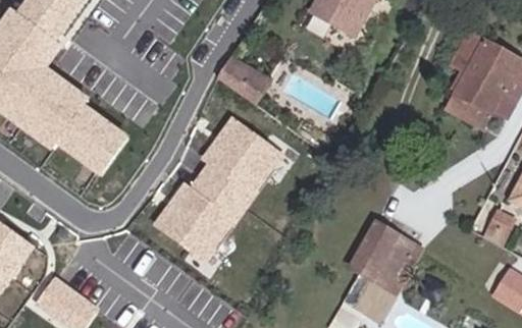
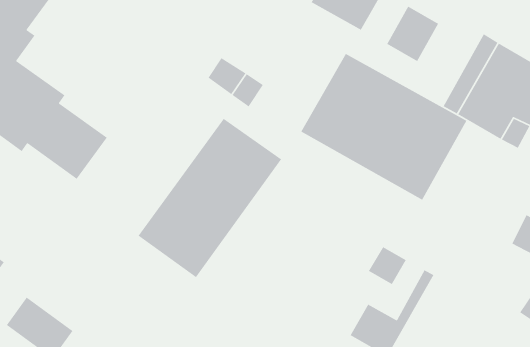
building: none -> [386,5,439,62]
building: none -> [300,53,468,201]
building: [347,243,409,296] -> none

